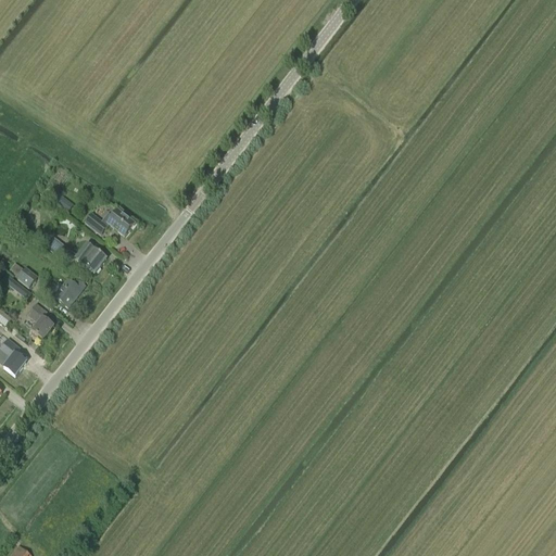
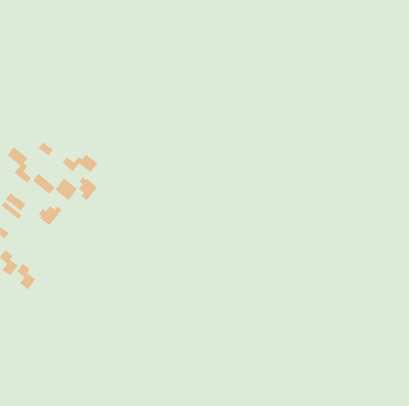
building: none -> [7,146,31,184]
building: none -> [78,177,98,201]
building: [26,302,53,339] -> [16,263,36,290]

